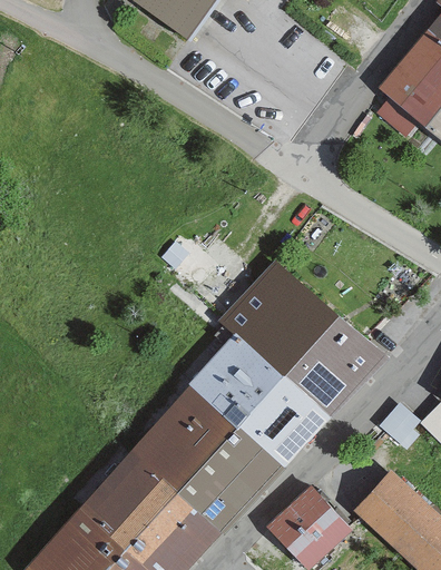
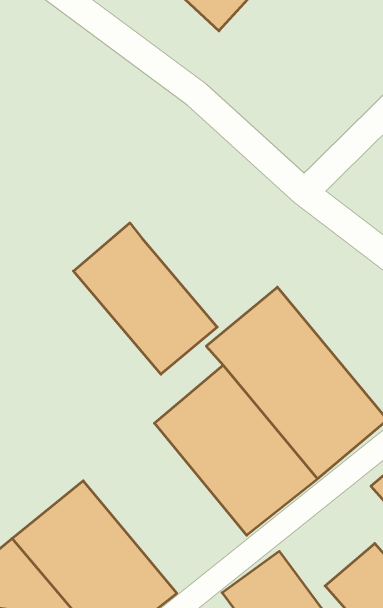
building: none -> [73,223,217,374]
building: [130,391,277,534] -> none

